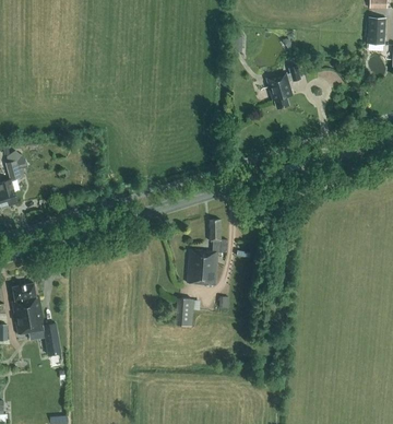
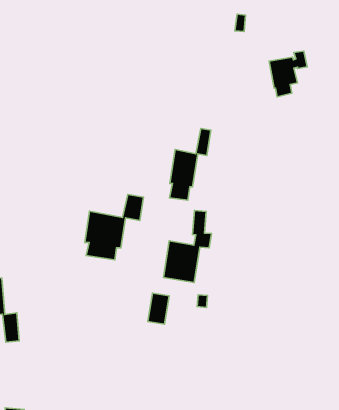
building: none -> [170,129,211,200]
building: none -> [85,195,144,260]

